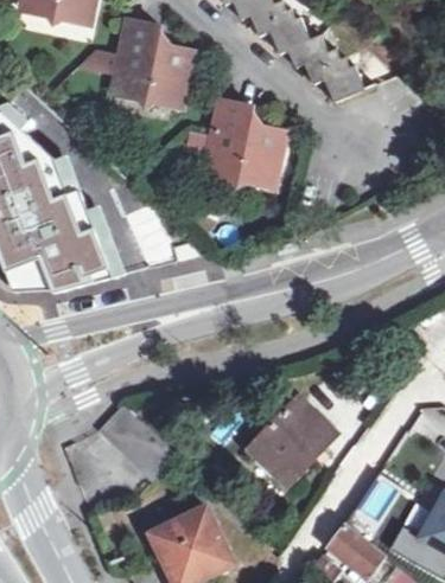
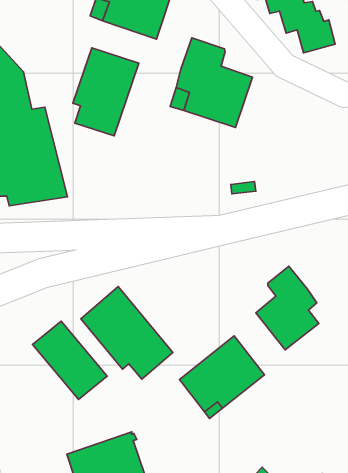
building: none -> [73,48,139,136]
building: none -> [256,266,319,350]
building: none -> [81,287,173,379]

